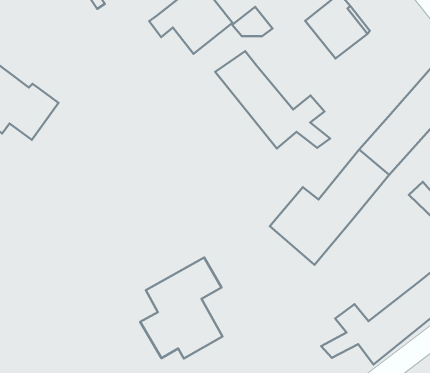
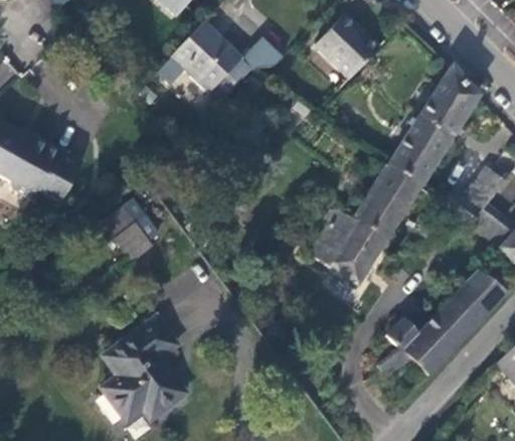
building: [215,51,330,149] -> none
building: none -> [104,198,161,262]
building: [140,258,223,358] -> [104,315,187,421]

